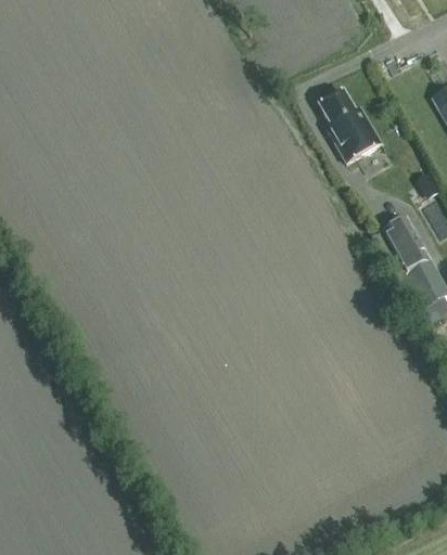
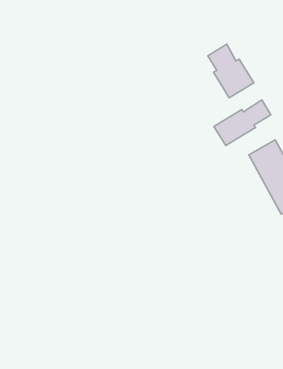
building: none -> [214,100,271,146]

